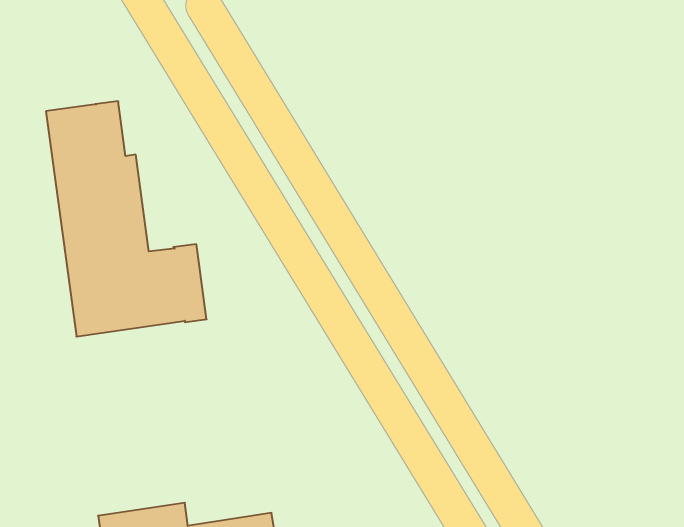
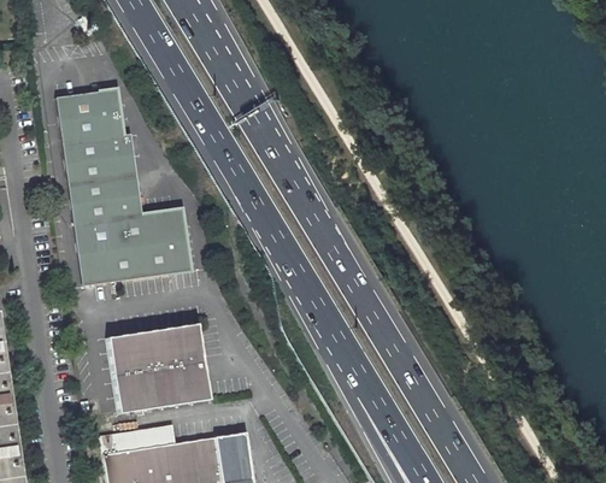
building: none -> [106,324,208,413]

